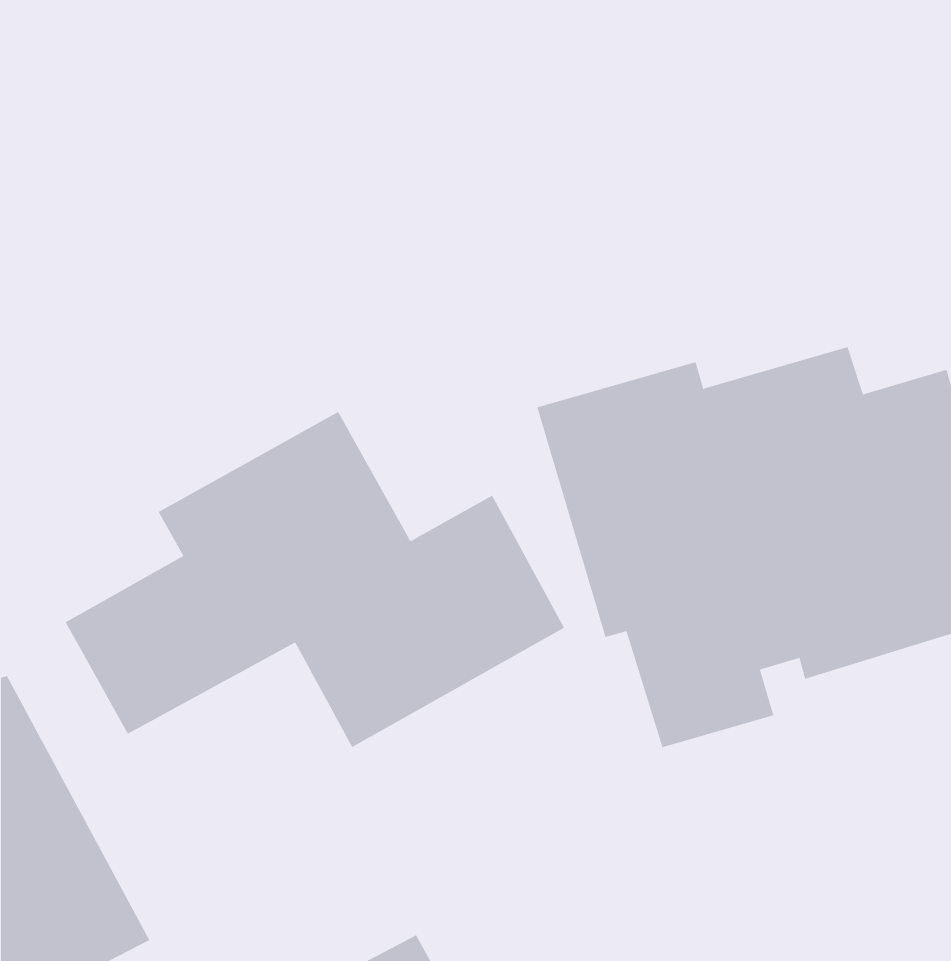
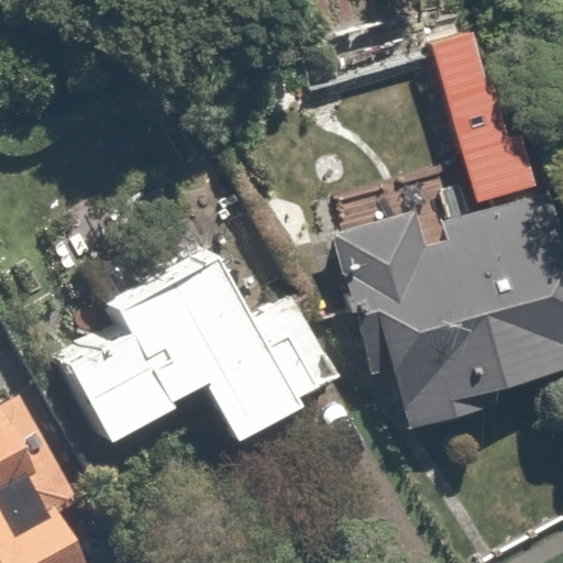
building: none -> [421,11,538,198]

